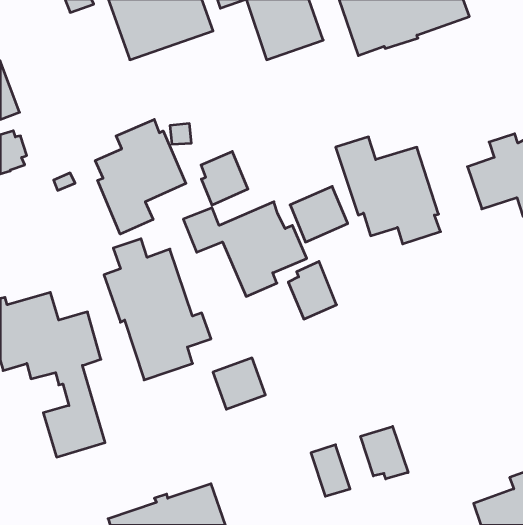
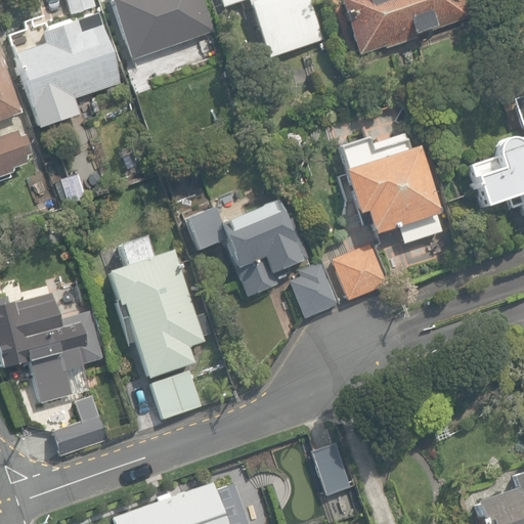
building: none -> [15,12,123,130]
building: [95,119,186,234] -> none
building: [201,151,248,205] -> none
building: [290,186,348,242] -> [332,244,389,299]
building: [213,358,265,409] -> [150,368,203,420]
building: [361,426,408,479] -> none

